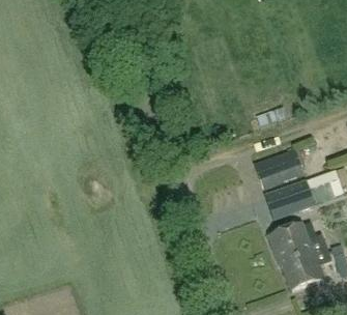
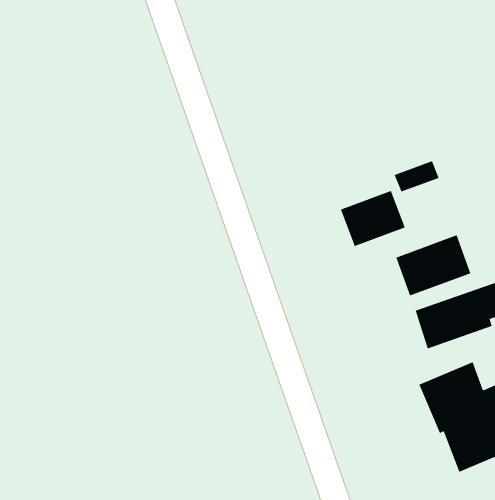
building: none -> [340,190,405,247]

